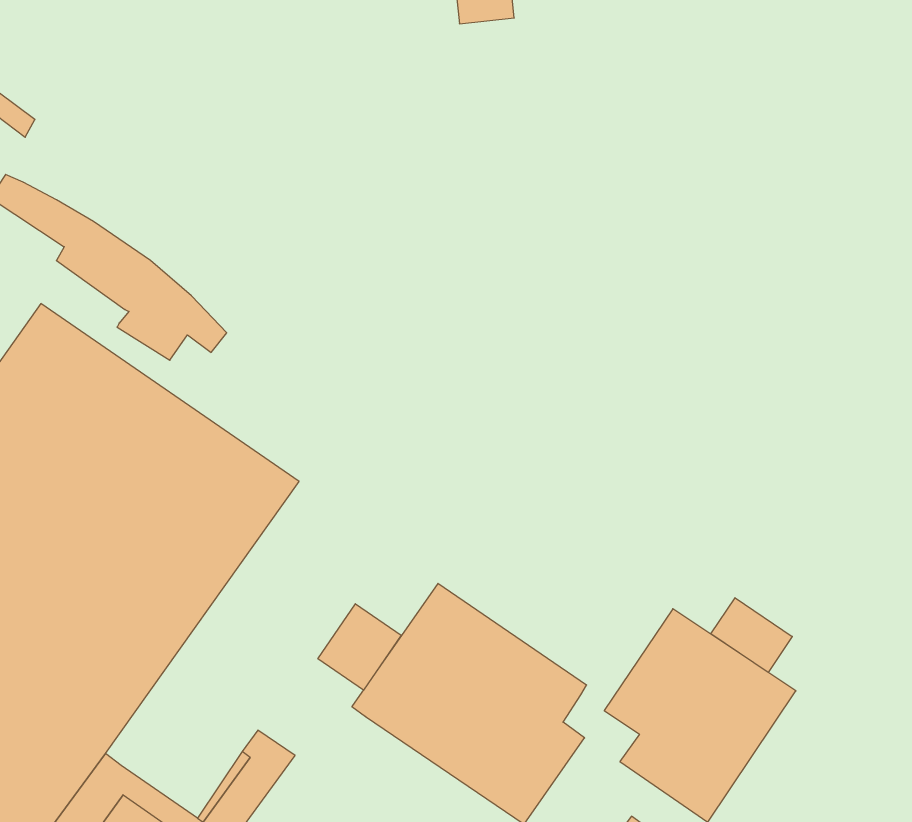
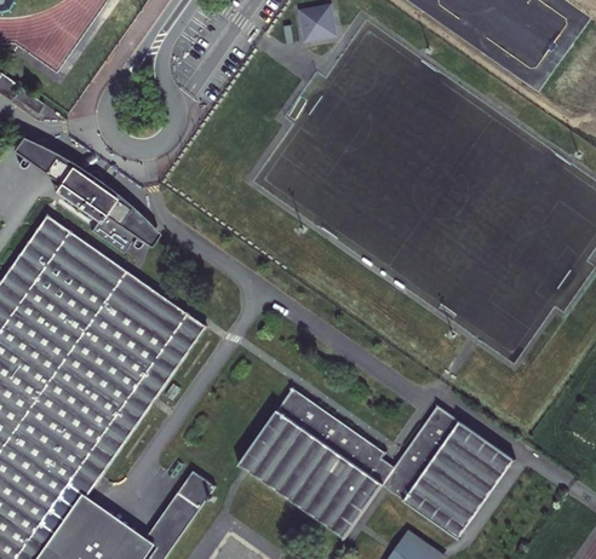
building: [711,598,792,672] -> none
building: [318,604,401,690] -> none
building: none -> [368,459,416,500]

